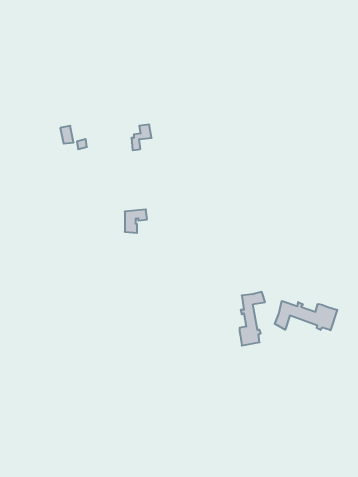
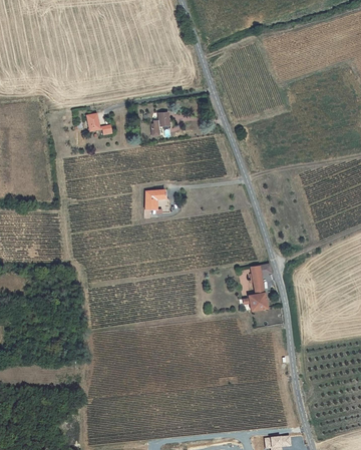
building: [275,301,337,330] -> none

